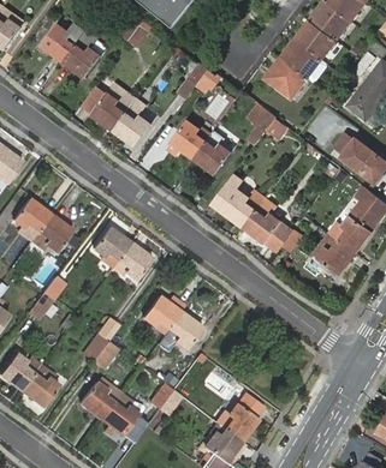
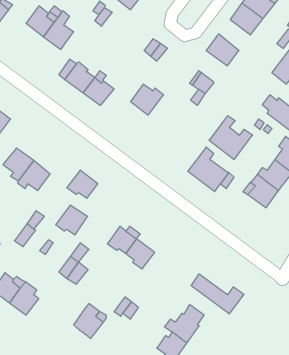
building: [280,40,320,78] -> none
building: [192,131,230,174] -> none
building: [210,174,265,228] -> [209,116,253,159]
building: [112,244,152,281] -> [56,205,88,235]
building: none -> [191,274,244,314]
building: [78,382,113,419] -> none

